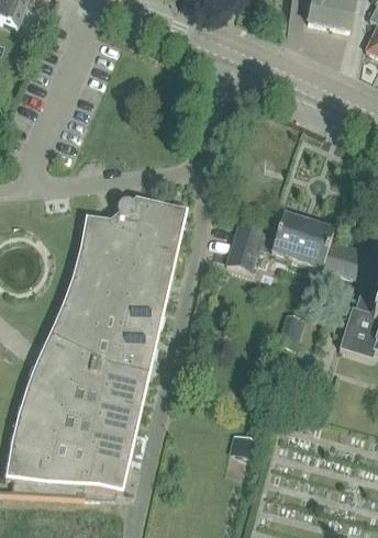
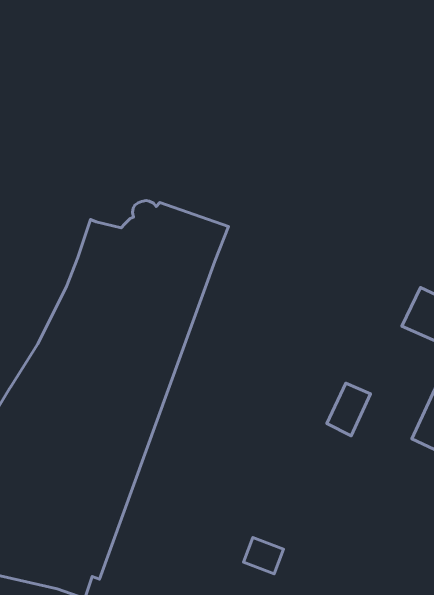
building: [226,212,334,268] -> none

